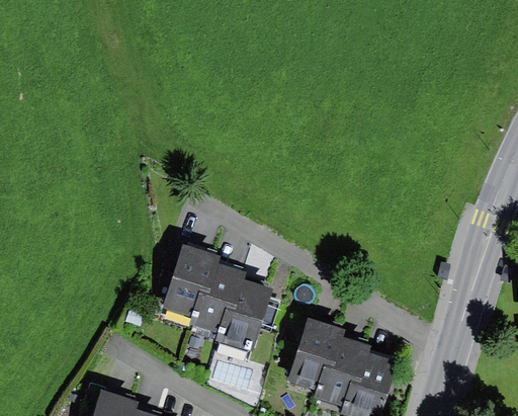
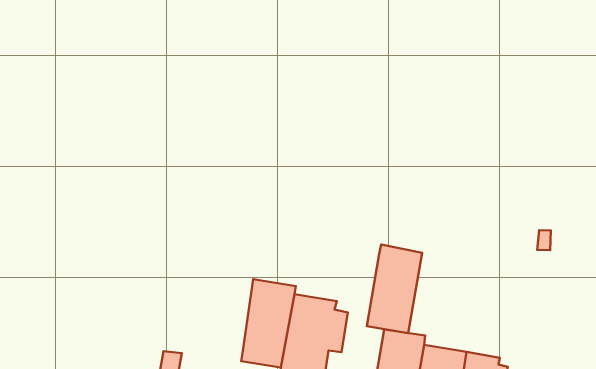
building: [154,246,212,318] -> none
building: none -> [367,245,422,333]

